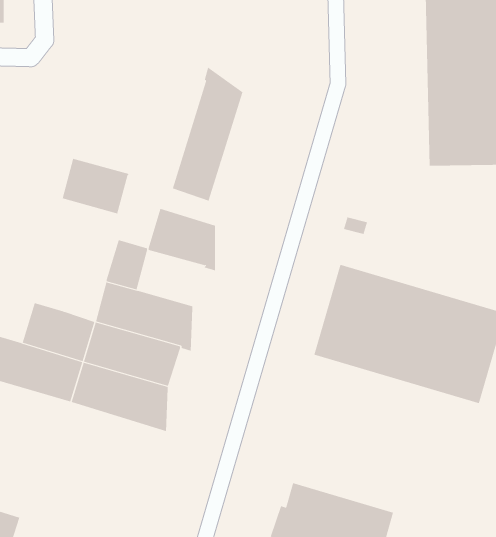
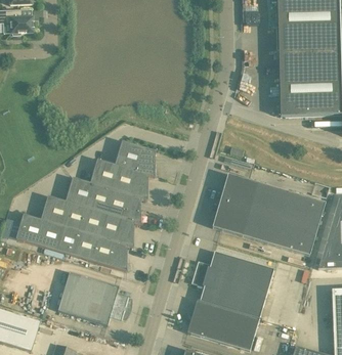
building: [172,67,243,201] -> none
building: [62,158,130,214] -> [109,165,148,197]
building: none -> [66,177,90,207]
building: none -> [193,251,274,318]
building: none -> [57,270,128,324]

